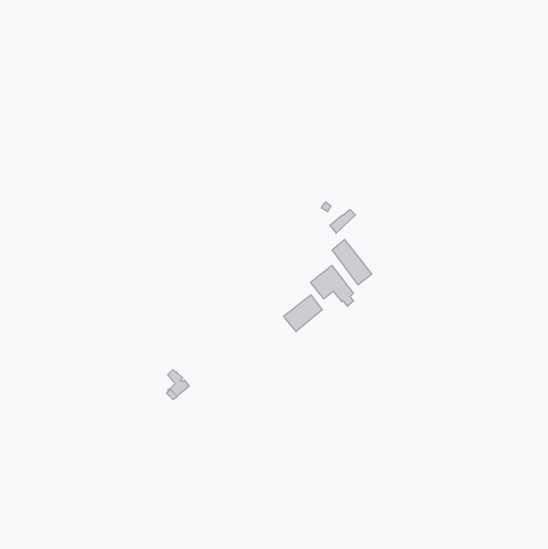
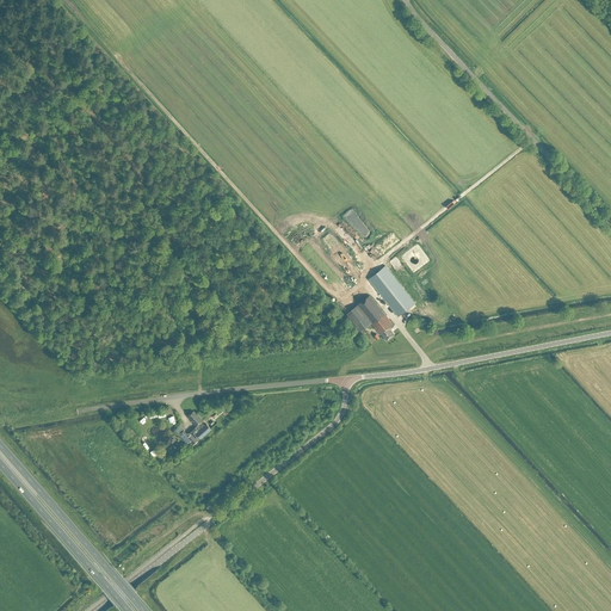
building: [284,295,322,332] -> none

